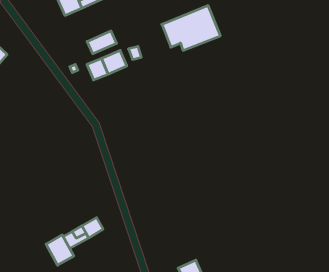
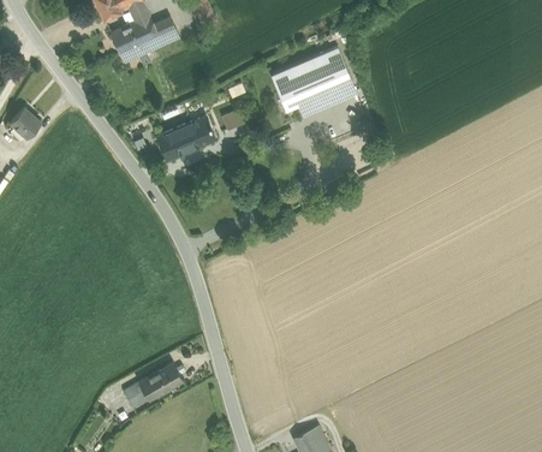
building: [87,31,117,54] -> none
building: [46,235,74,265] -> none

